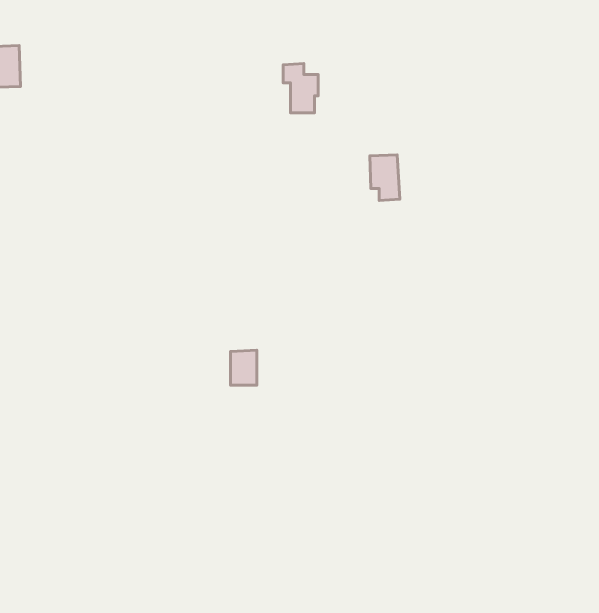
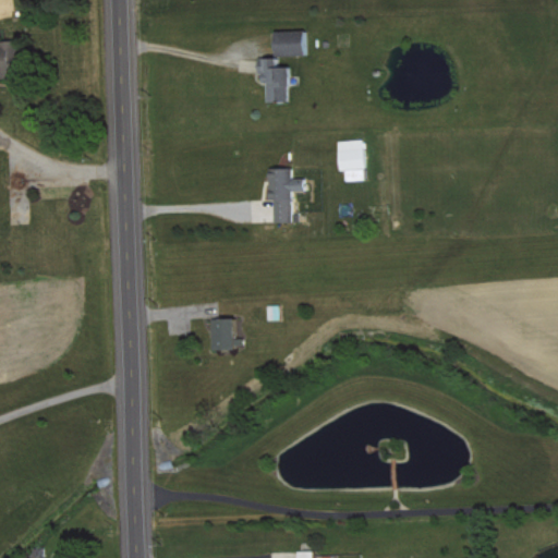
building: none -> [274,32,304,57]
building: none -> [267,169,302,223]

